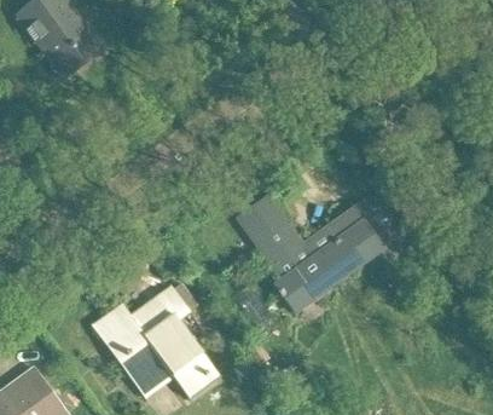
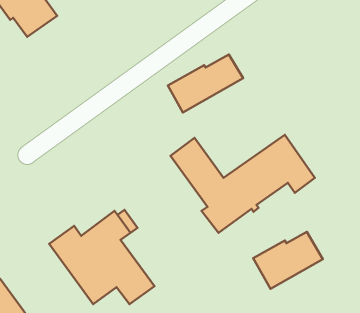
building: none -> [168,54,243,112]
building: none -> [253,232,323,289]

